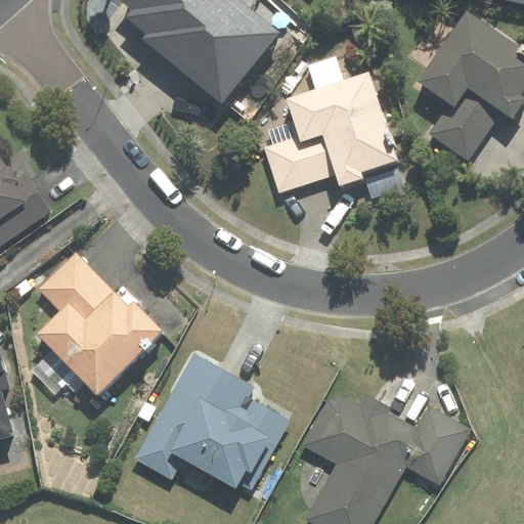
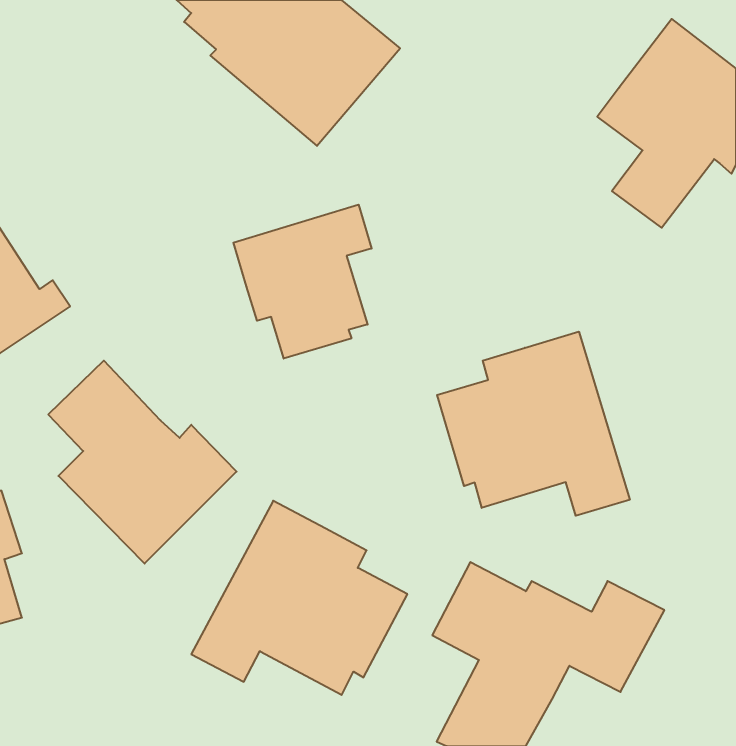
building: [264,59,399,191] -> none
building: none -> [233,205,372,359]
building: none -> [437,332,630,516]

